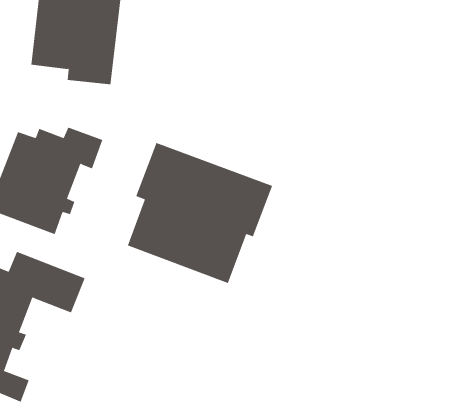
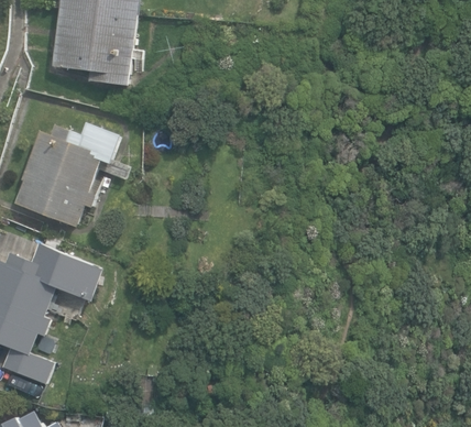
building: [127,142,273,284] -> none

